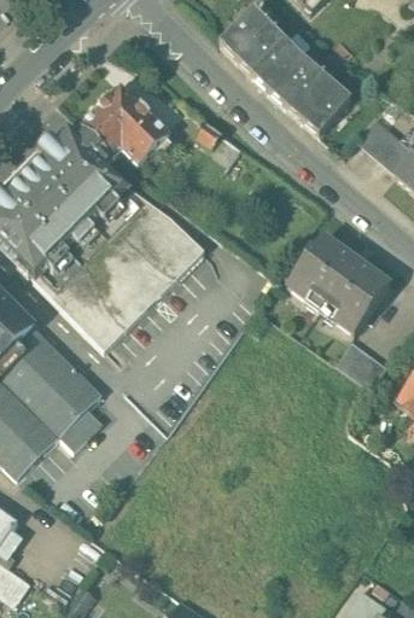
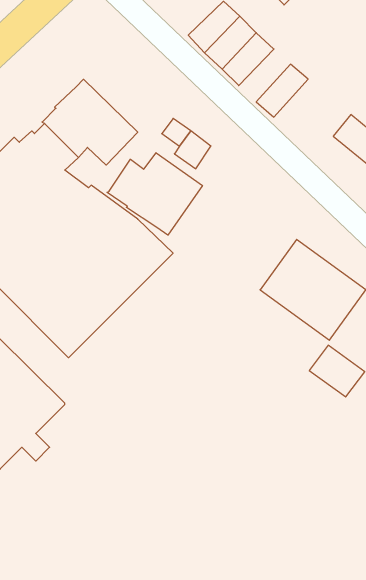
building: [267,53,316,104] -> none
building: [301,82,350,134] -> none
building: none -> [107,153,202,235]

